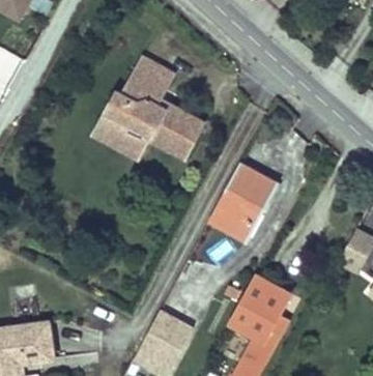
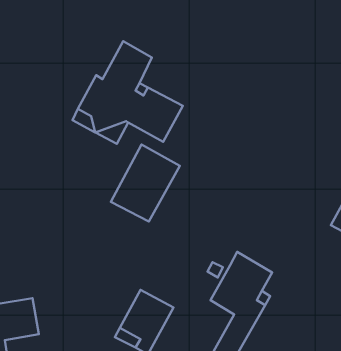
building: [209,164,279,241] -> [111,144,180,221]

